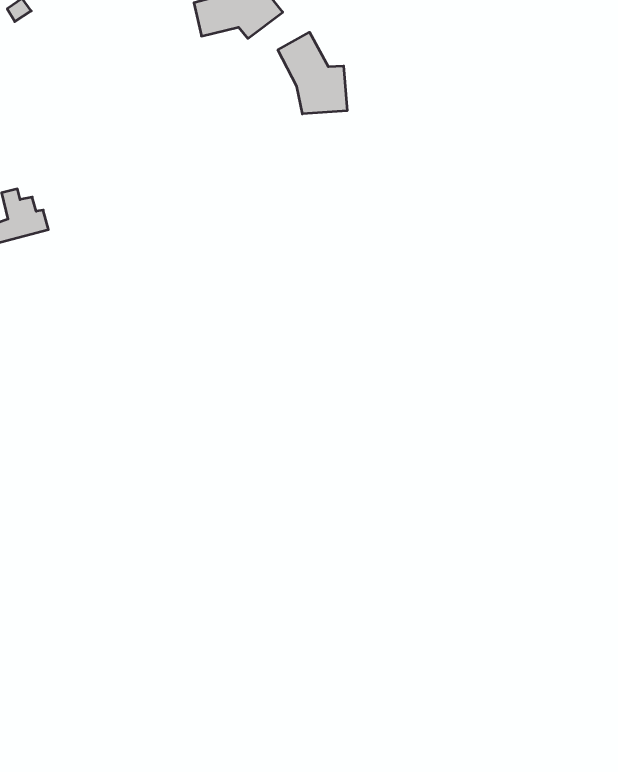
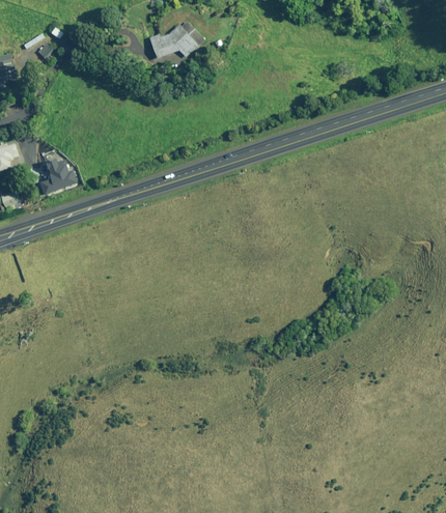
building: [278,32,347,114] -> none

